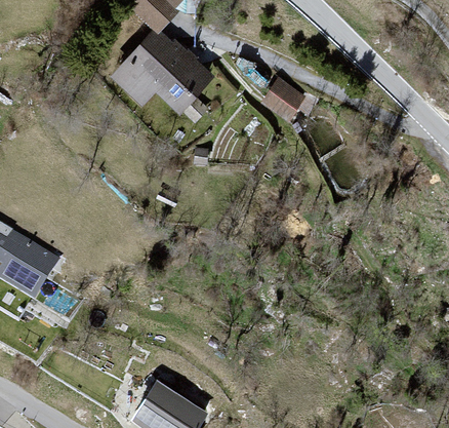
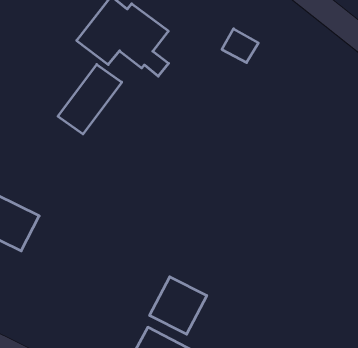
building: none -> [58,64,122,134]
building: none -> [150,277,207,334]

